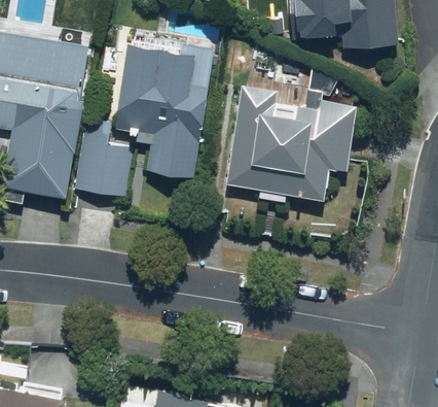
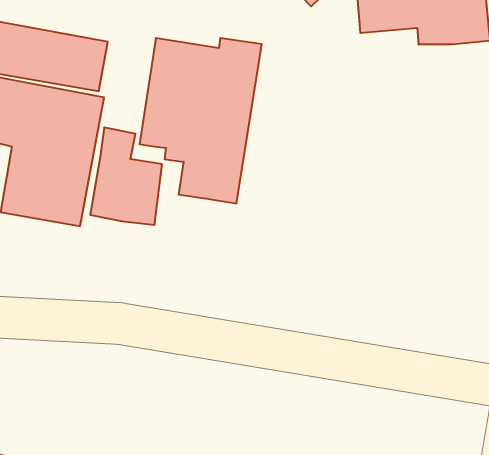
building: [225,87,356,202] -> none

